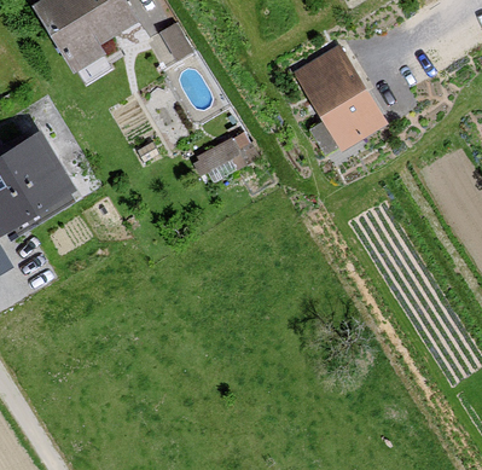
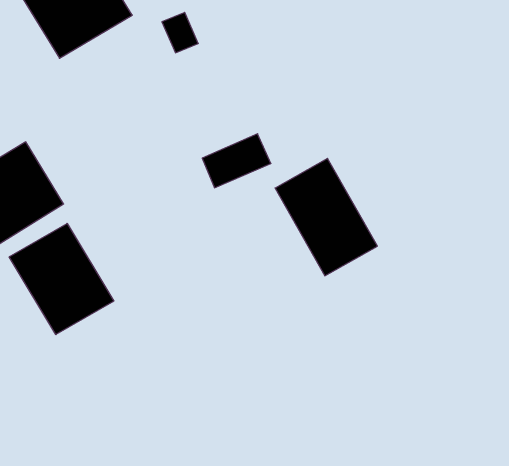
building: [292,45,384,150] -> [275,158,377,276]
building: none -> [9,223,114,335]

